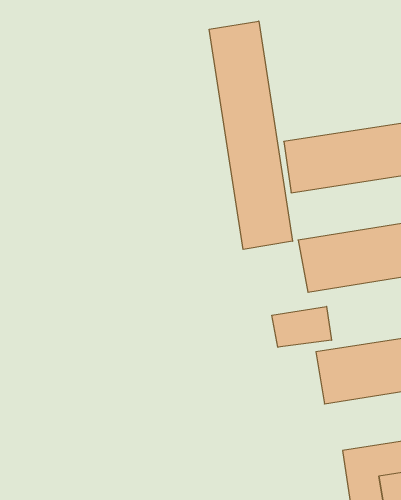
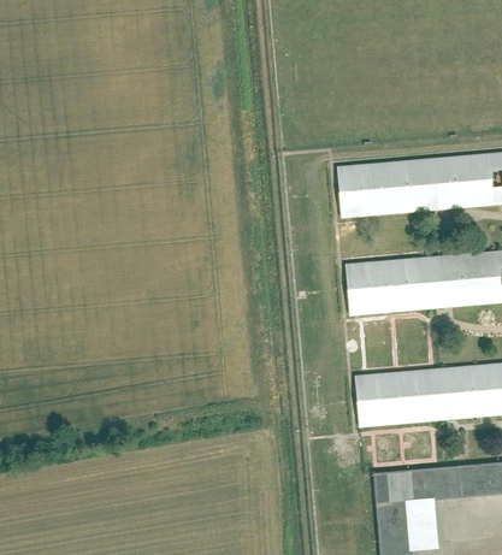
building: [209,21,293,249] -> none
building: [272,306,332,347] -> none

